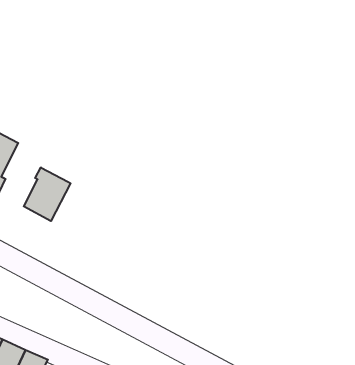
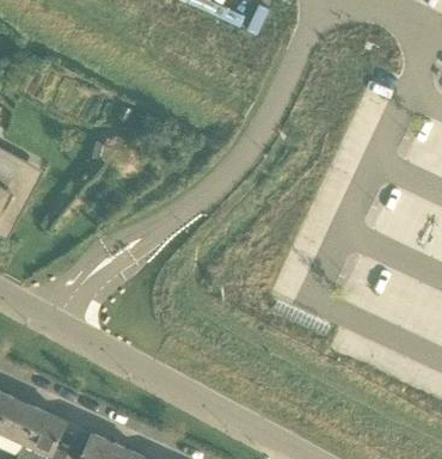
building: [24,167,71,221] -> none

